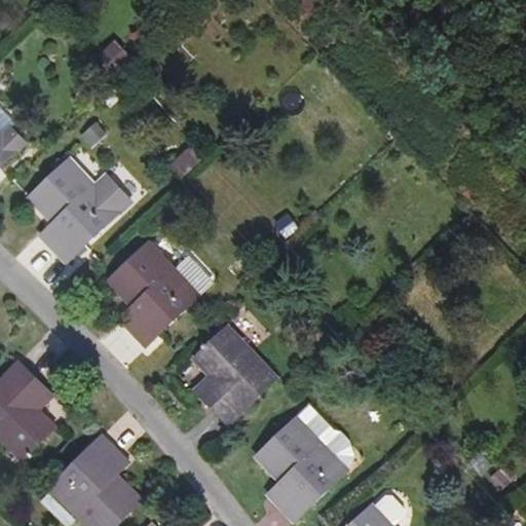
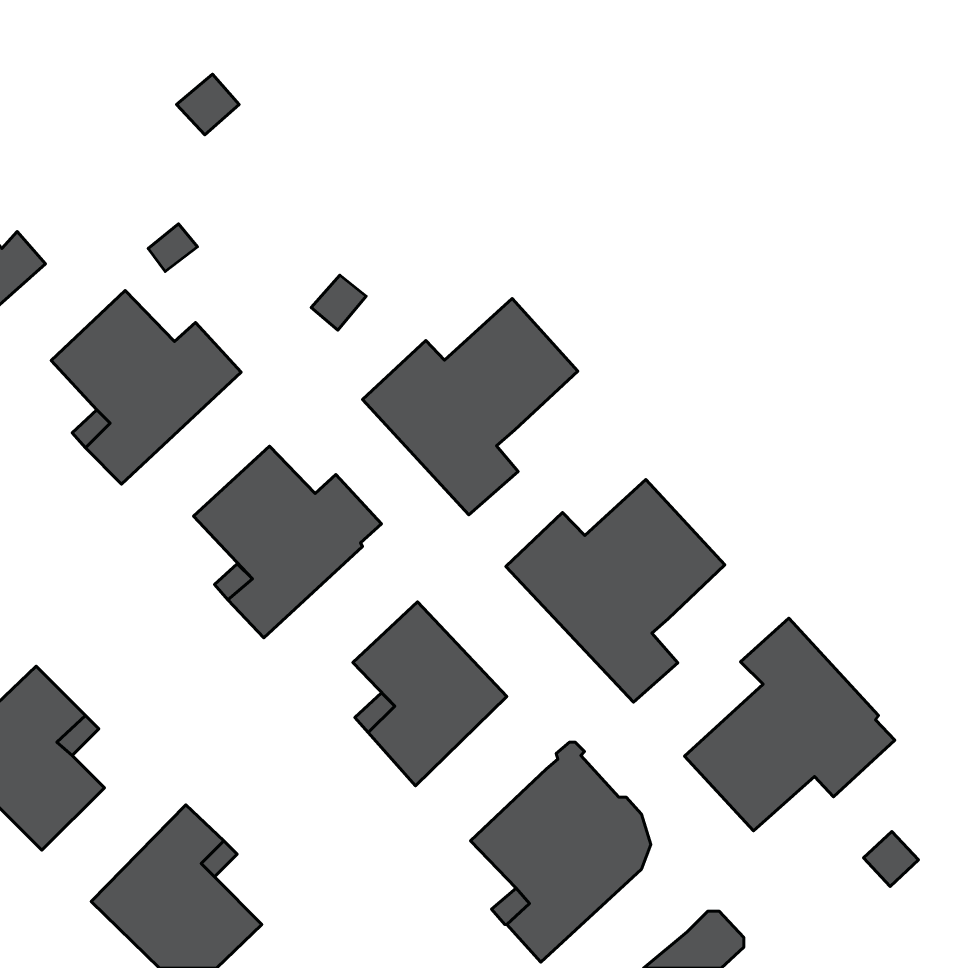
building: none -> [363,299,578,515]
building: none -> [506,480,725,702]
building: none -> [684,618,895,831]

